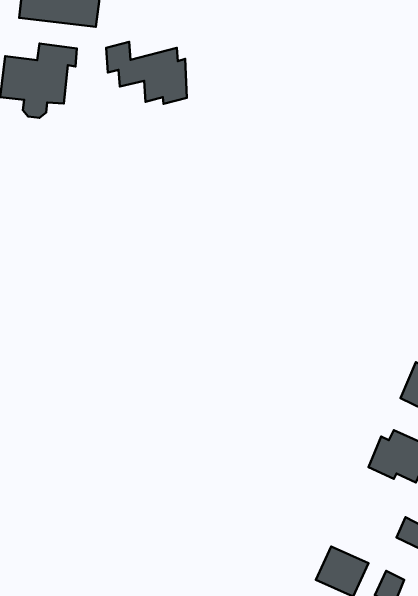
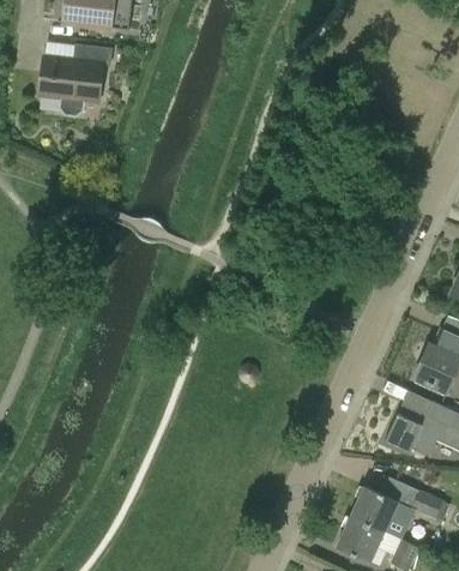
building: [106,42,187,104] -> none
building: none -> [350,485,398,531]

